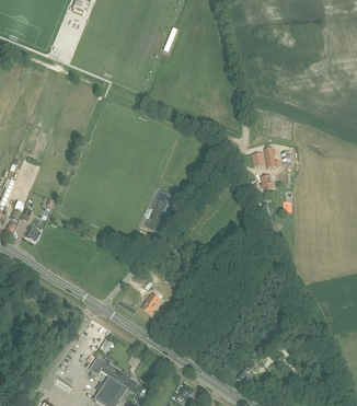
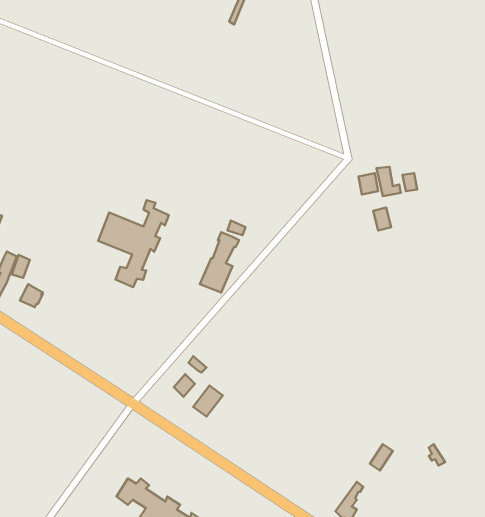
building: none -> [98,200,169,287]

